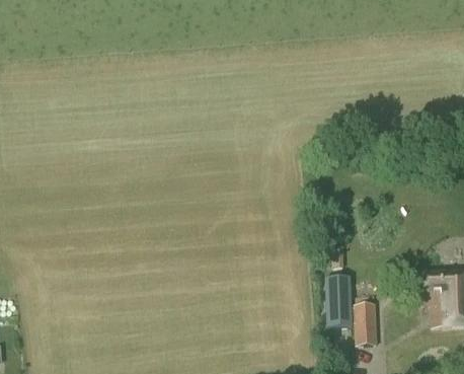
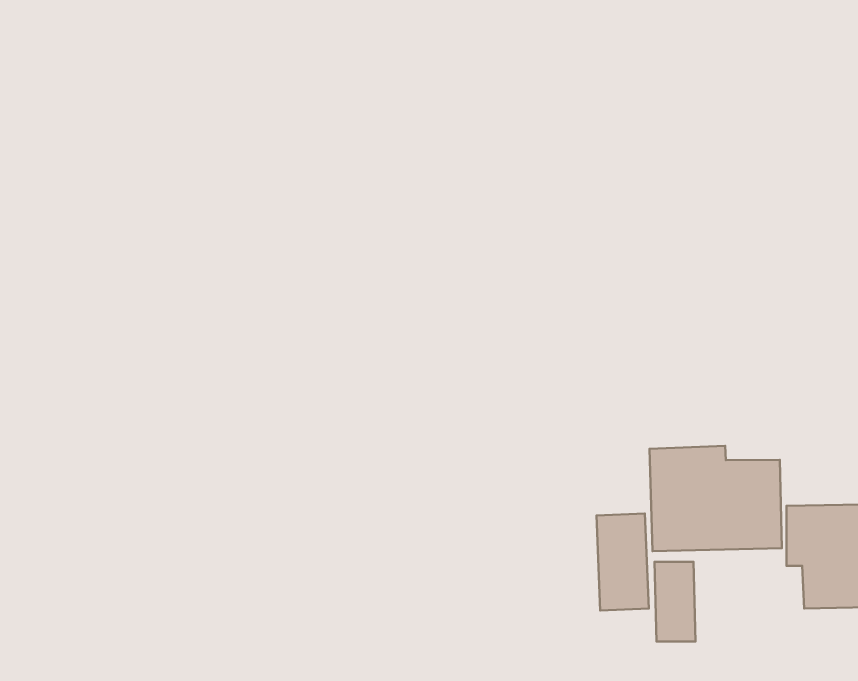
building: none -> [650,446,782,551]

